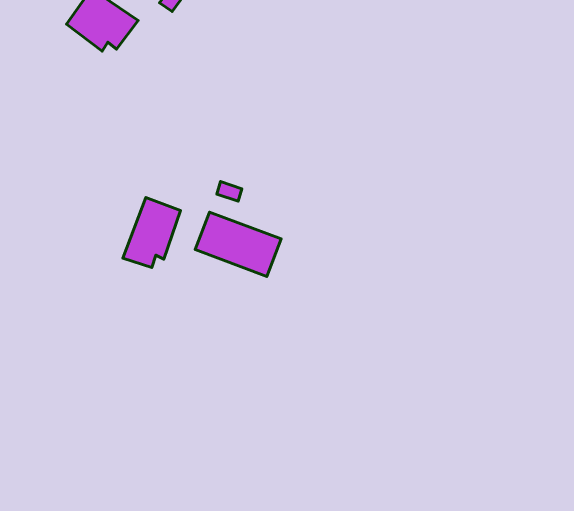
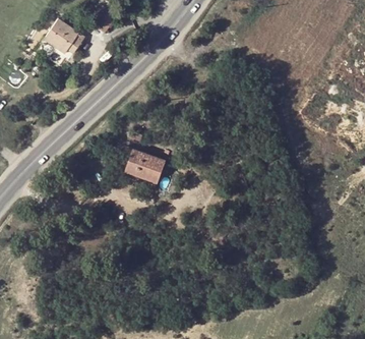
building: [123,198,181,268] -> none

